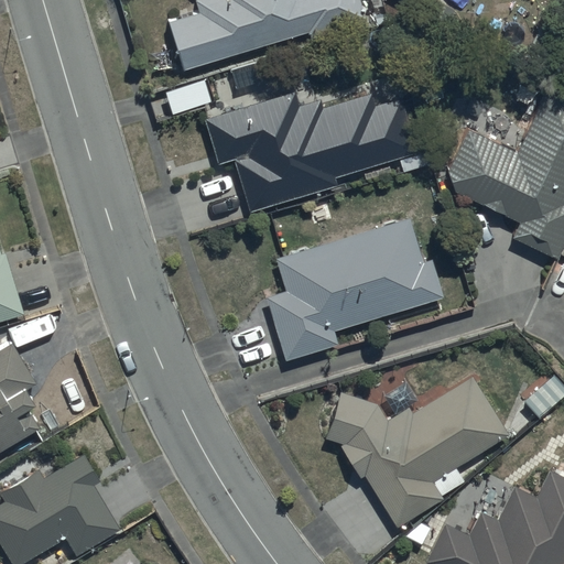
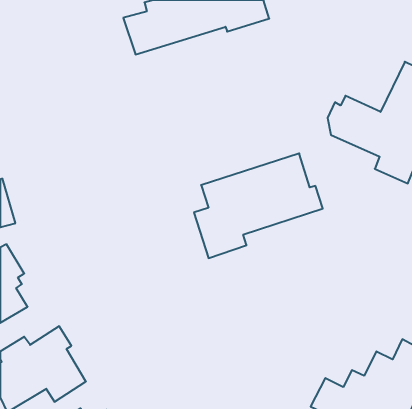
building: [207,102,415,208] -> none
building: [326,372,510,525] -> none

